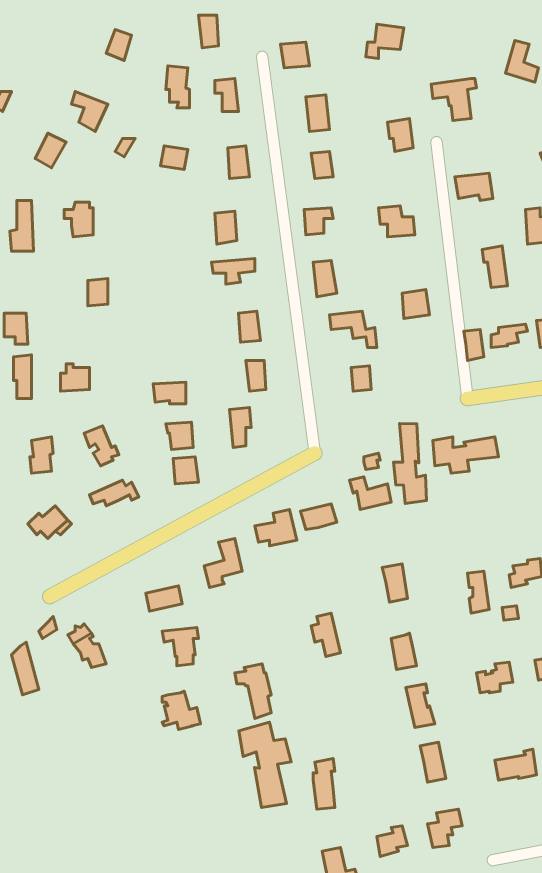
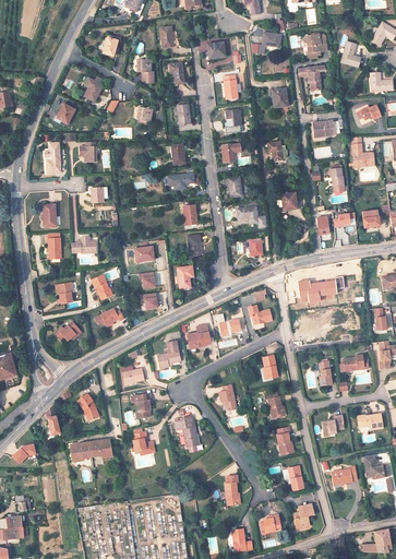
building: none -> [300,36,325,60]
building: [393,423,427,503] -> none
building: none -> [75,440,116,462]
building: [239,722,291,807] -> none

